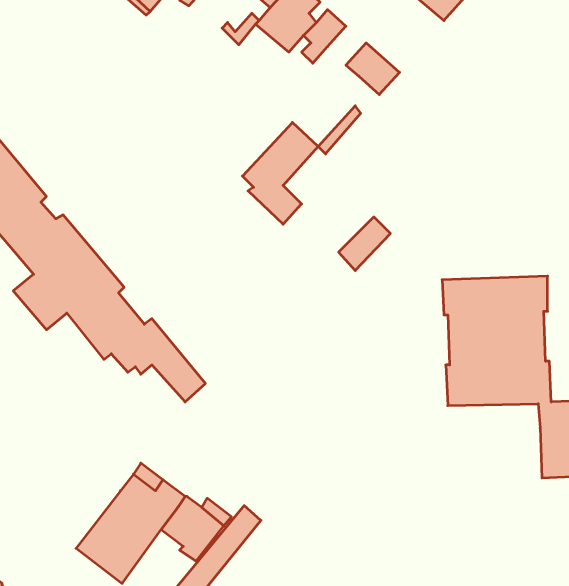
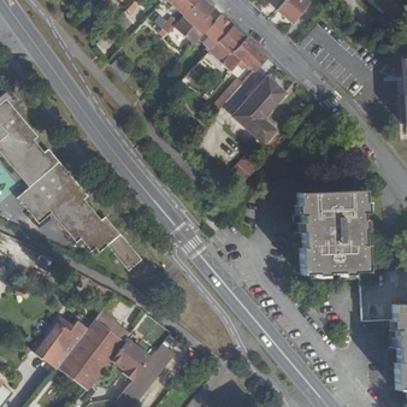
building: none -> [210,26,246,71]
building: [242,122,318,224] -> [235,77,284,143]
building: none -> [34,320,85,367]

